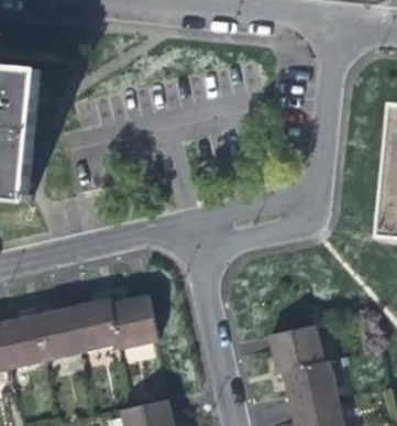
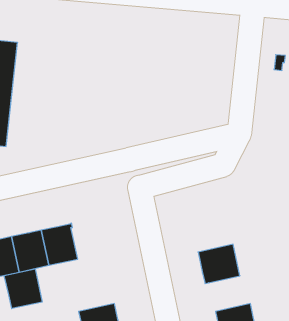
building: [108,295,155,347] -> none
building: none -> [4,269,42,309]
building: [282,362,334,408] -> none

